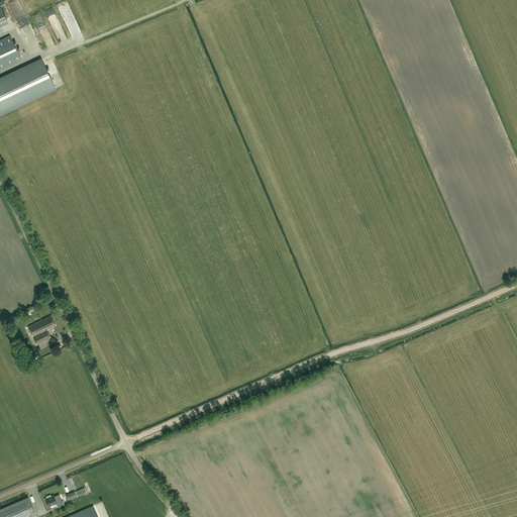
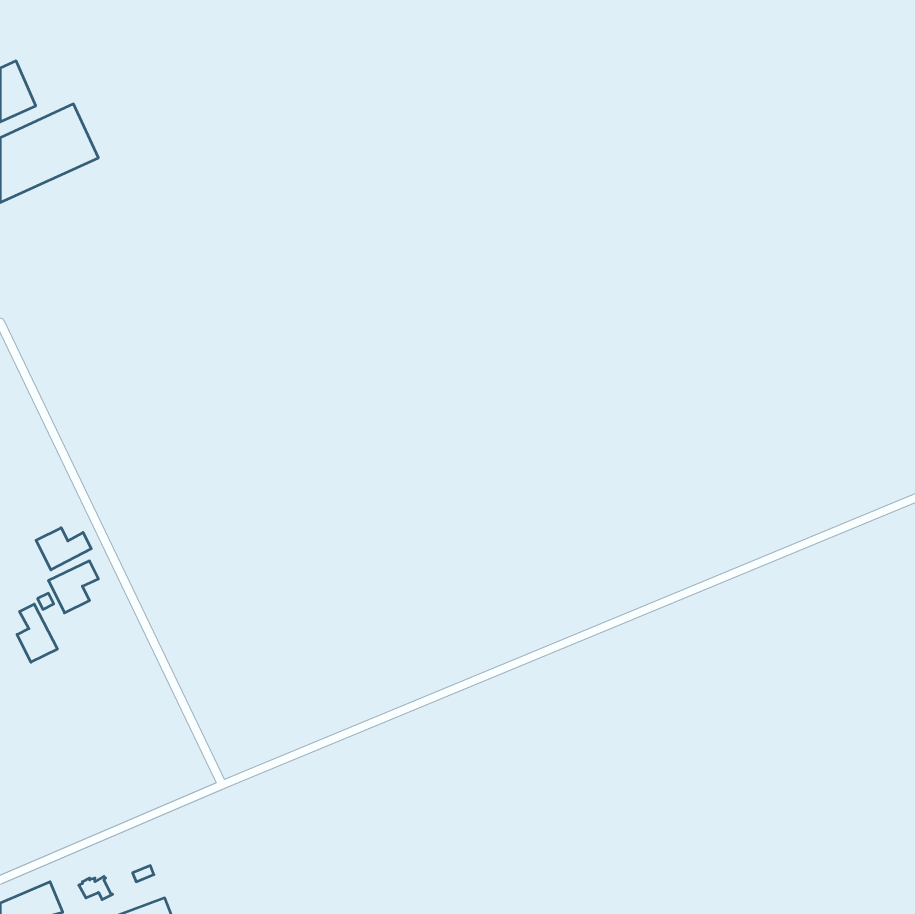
building: none -> [36,528,91,570]
building: none -> [17,604,57,662]

